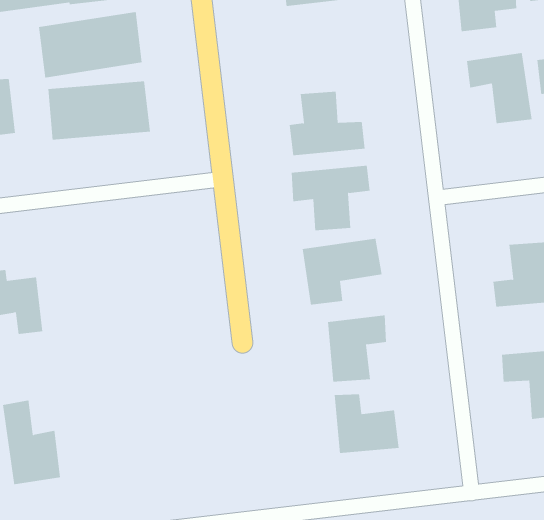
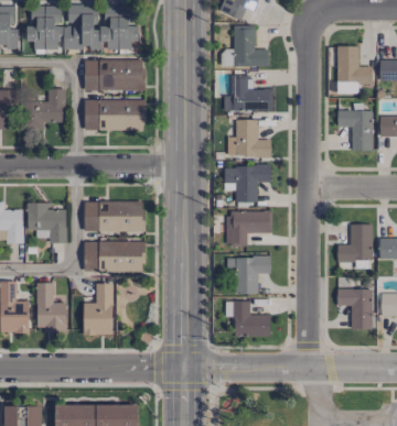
building: none -> [225,77,273,111]
building: none -> [84,200,144,231]
building: none -> [84,241,144,272]
building: none -> [83,283,114,335]

